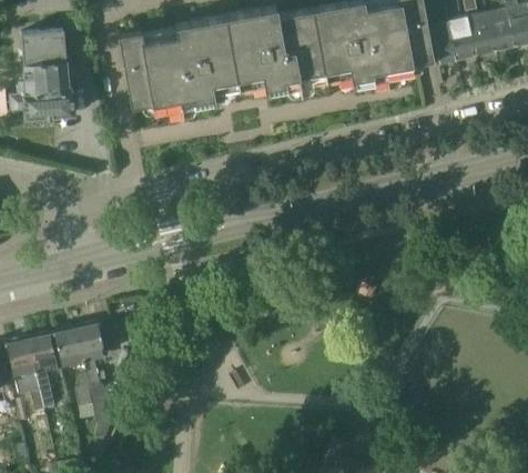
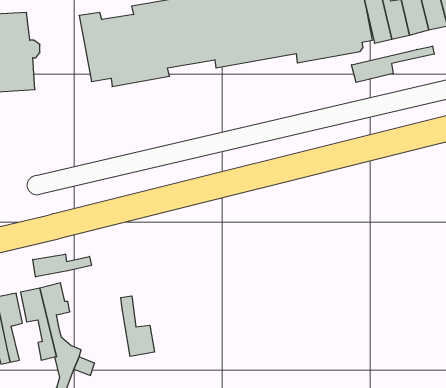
building: none -> [351,46,434,82]
building: none -> [33,254,91,277]
building: none -> [121,296,154,356]

